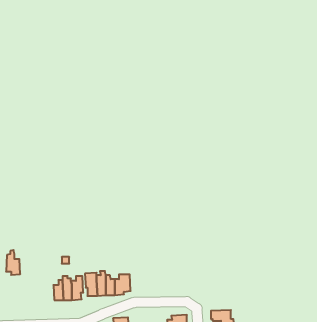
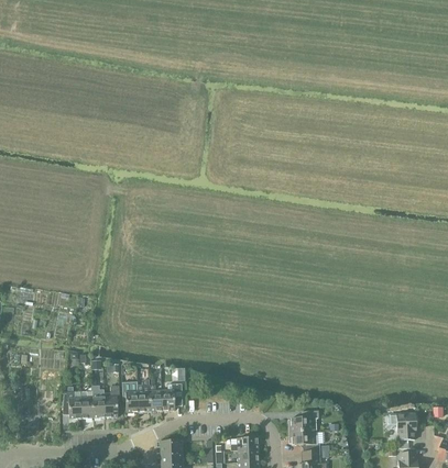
building: [6,250,20,275] -> [63,386,81,419]
building: none -> [288,410,319,432]
building: none -> [386,413,416,439]

